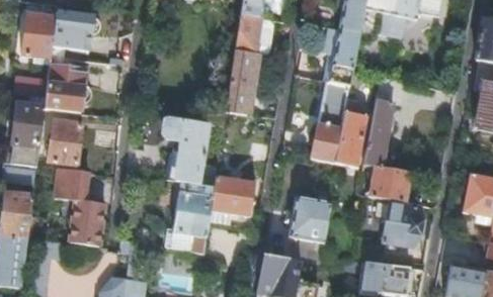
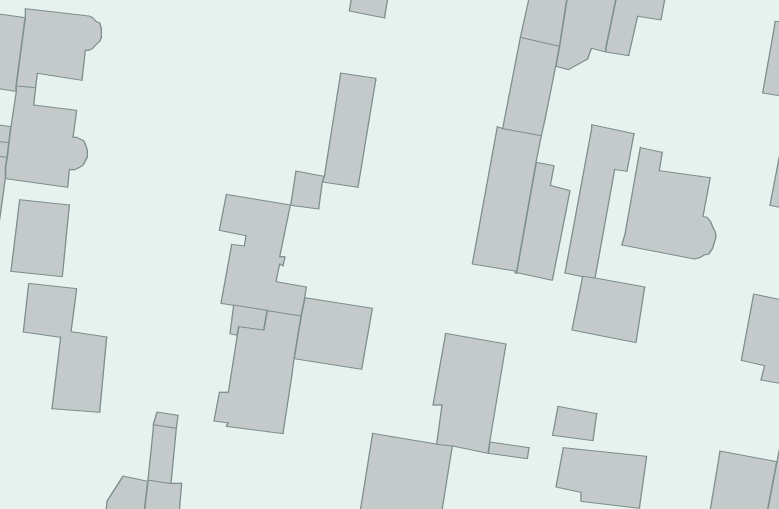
building: [236,13,271,55] -> none
building: none -> [622,147,716,259]
building: [383,203,417,244] -> none

